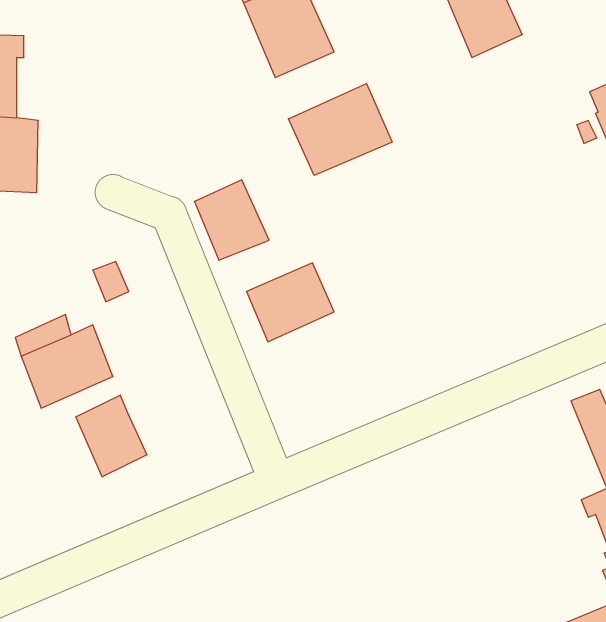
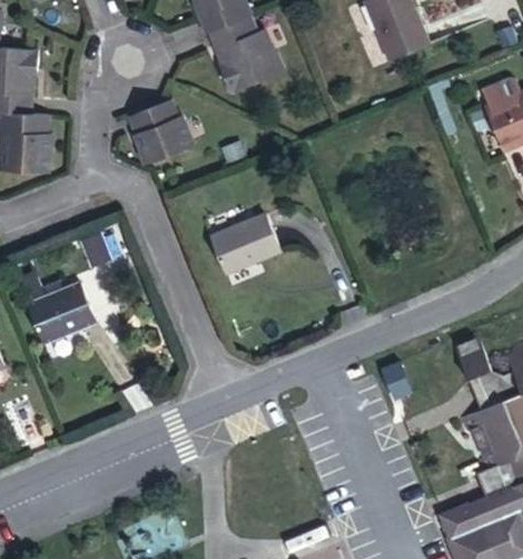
building: [288,83,392,175] -> none
building: [194,180,269,260] -> [139,99,197,161]
building: [76,395,147,477] -> none

